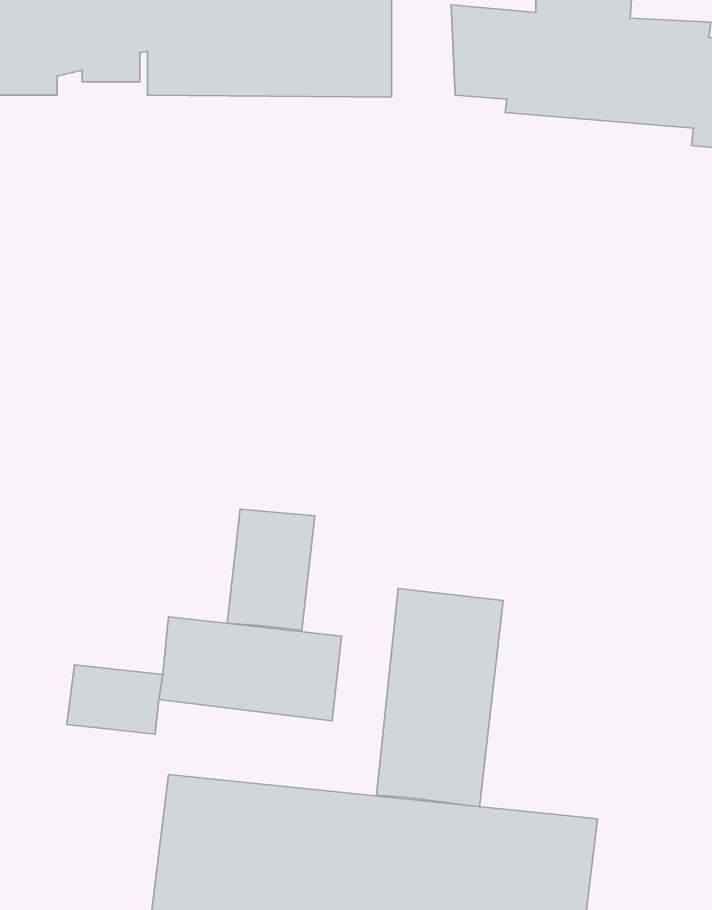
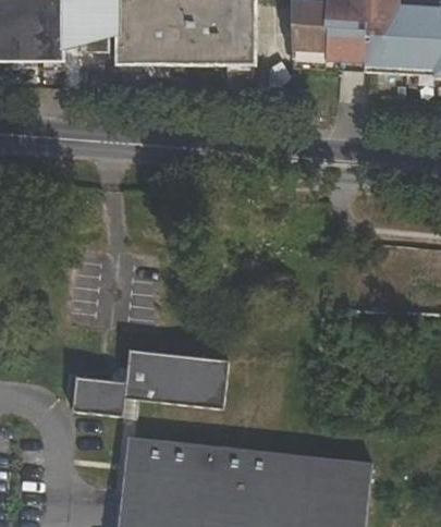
building: [227,509,315,630] -> none
building: [376,589,503,807] -> none

